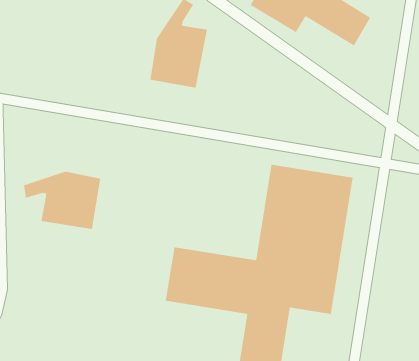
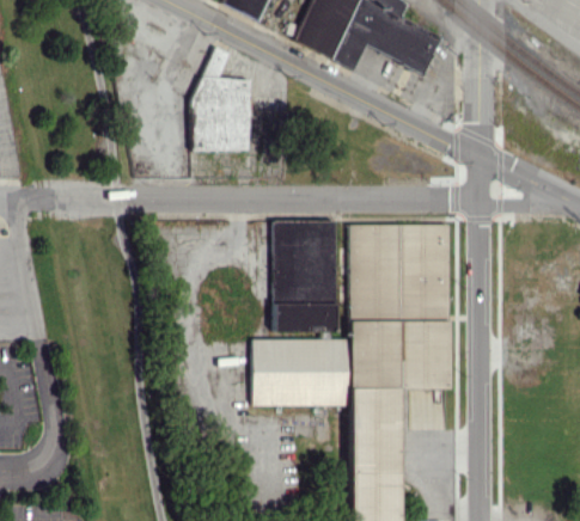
building: none -> [274,220,337,331]
building: [23,171,101,230] -> none

